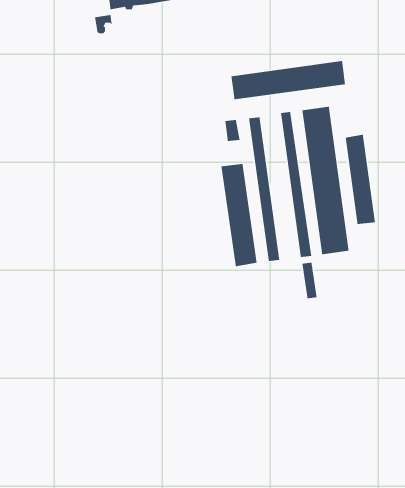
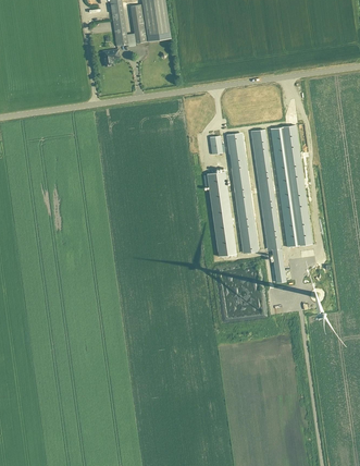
building: [231,60,346,100] -> none
building: [345,134,376,225] -> none

